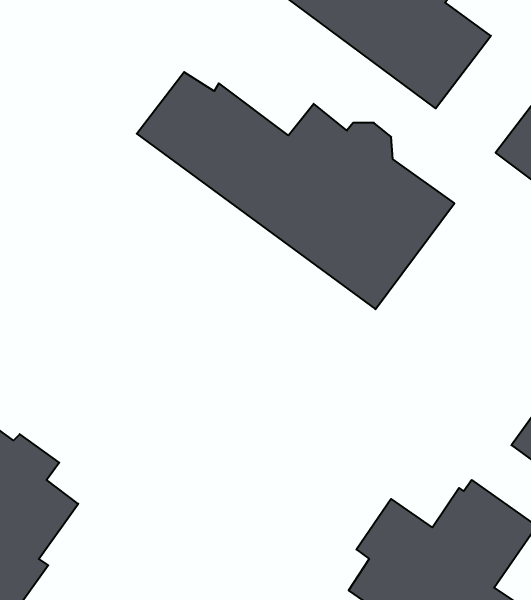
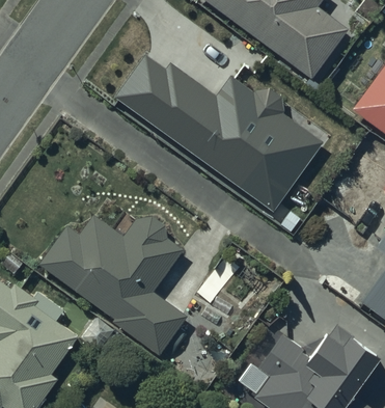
building: none -> [39,214,186,355]

